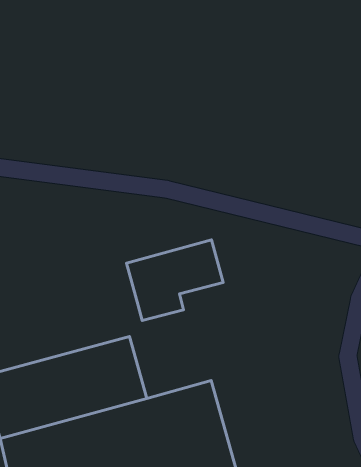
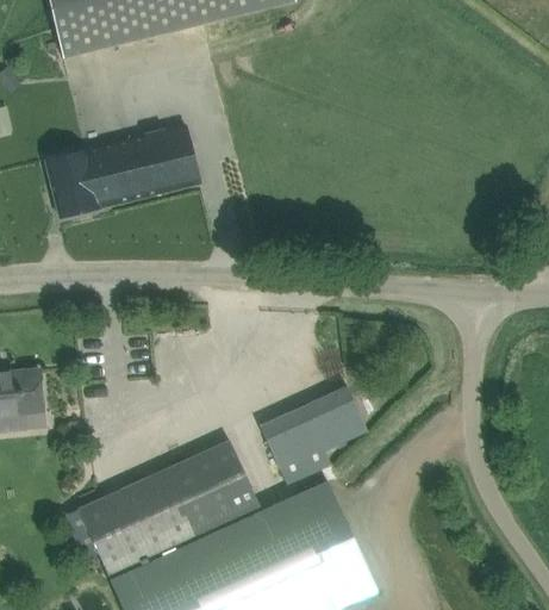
building: none -> [45,123,200,218]
building: [127,240,223,321] -> [260,386,368,486]

